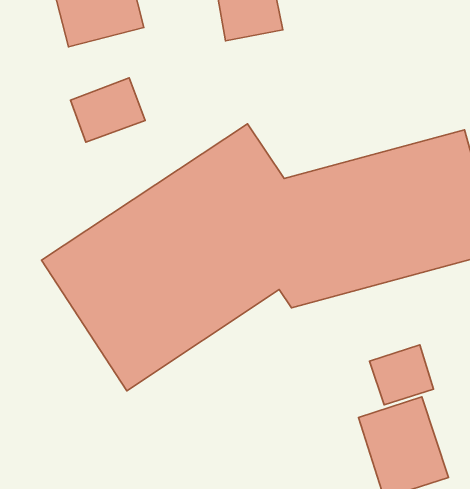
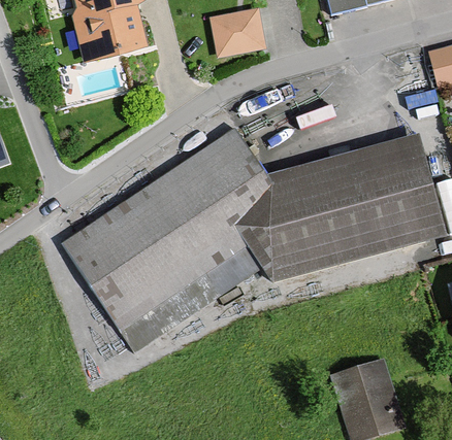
building: [71,78,145,142] -> none
building: [369,345,434,405] -> none

